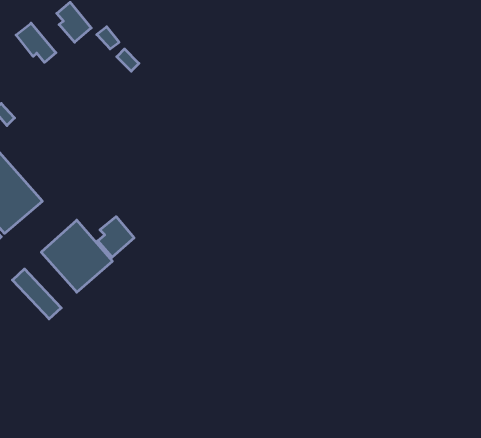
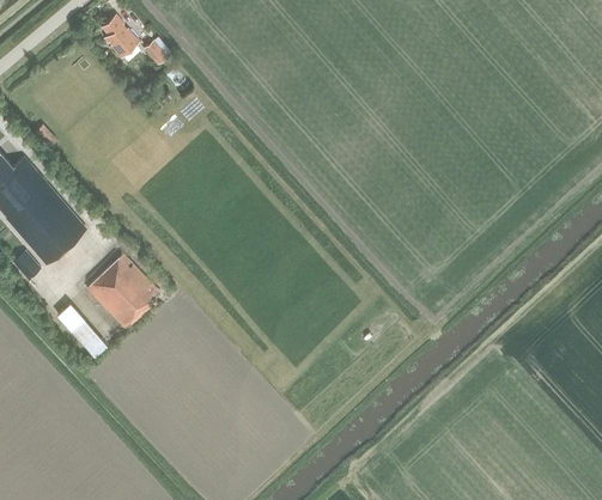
building: [16,23,56,62] -> none
building: [98,217,134,257] -> none

